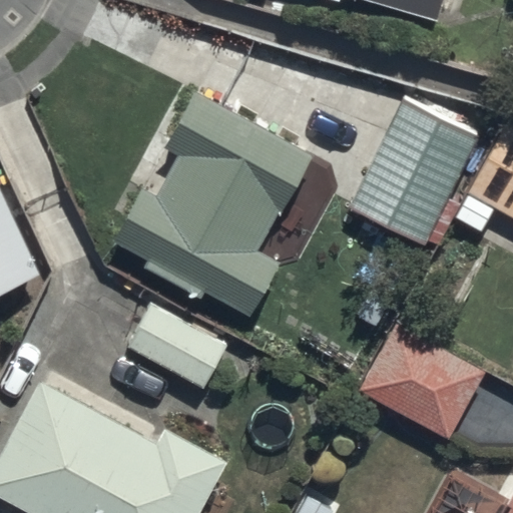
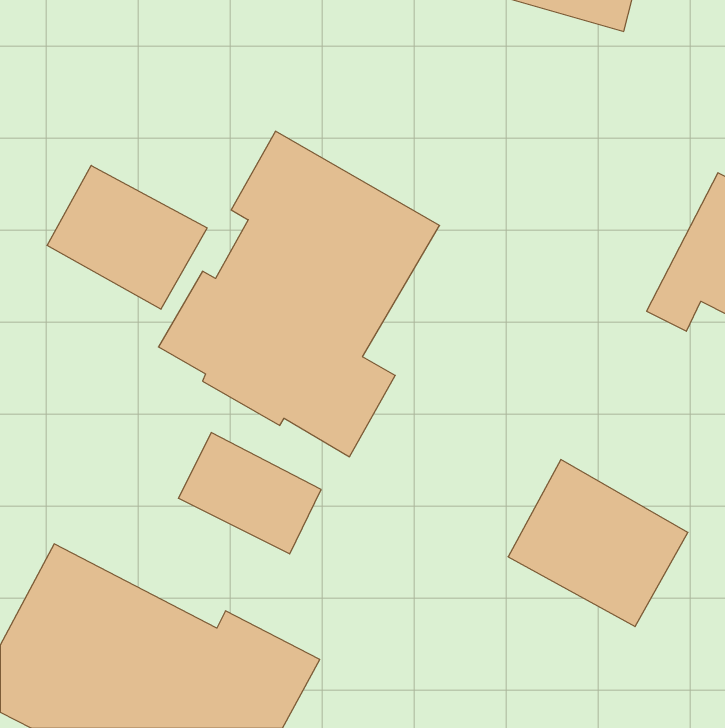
building: [350,99,480,245] -> none
building: none -> [47,165,207,309]

